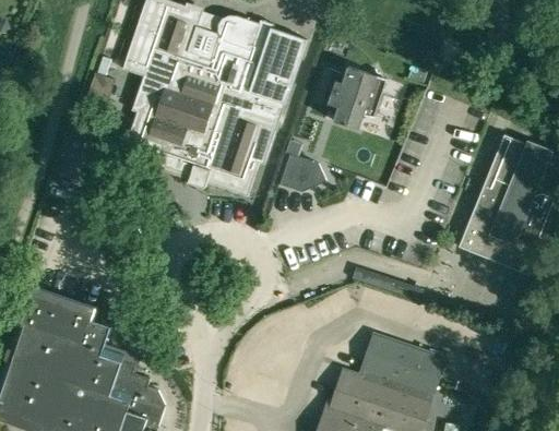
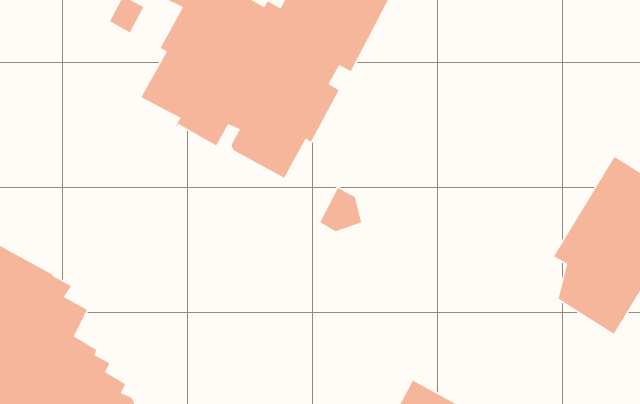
building: [314,67,389,130] -> none
building: [276,153,310,189] -> [319,187,362,232]

